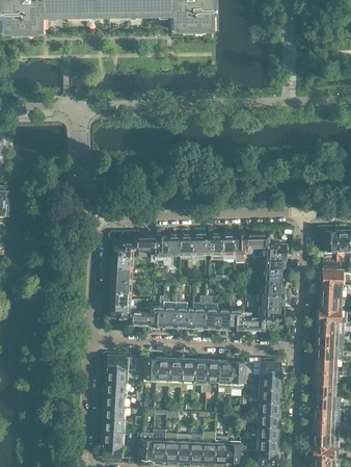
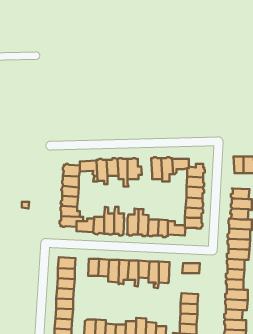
building: [205,233,222,266] -> none
building: [259,377,280,403] -> none

